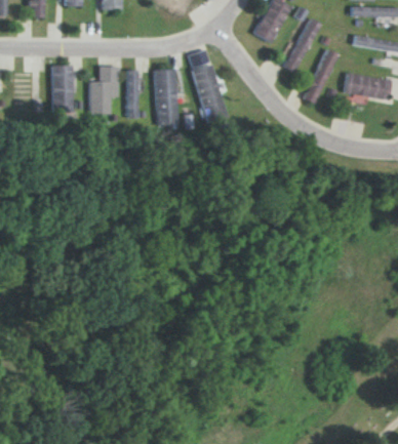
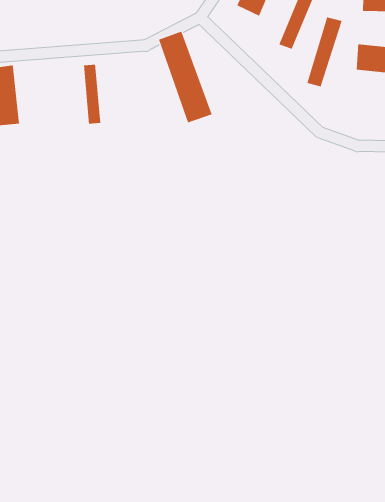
building: [89,66,118,114] -> none
building: [155,69,176,124] -> none

